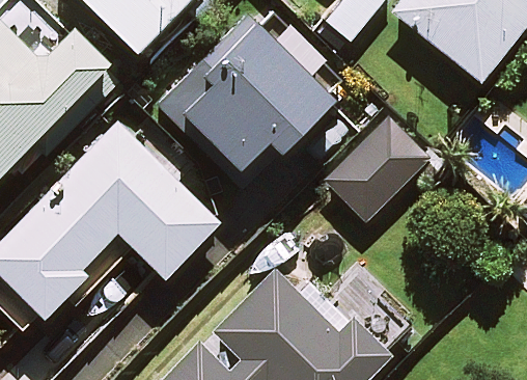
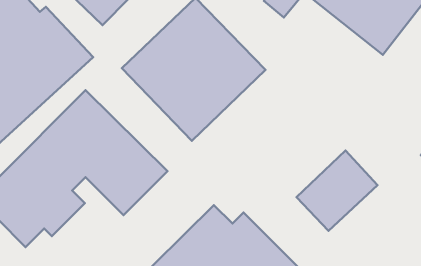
building: [331,119,431,218] -> [296,151,378,231]

